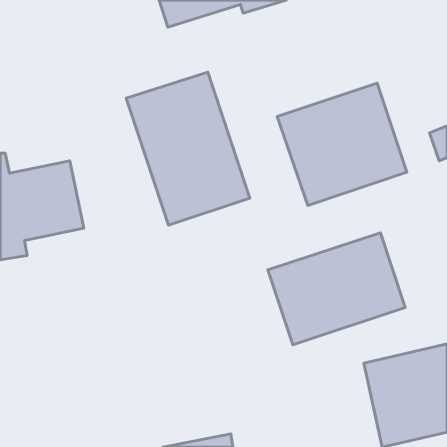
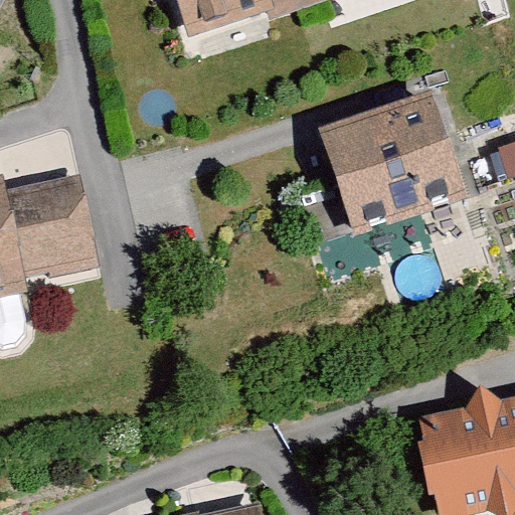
building: [126,72,250,225] -> none
building: [268,233,405,345] -> none

